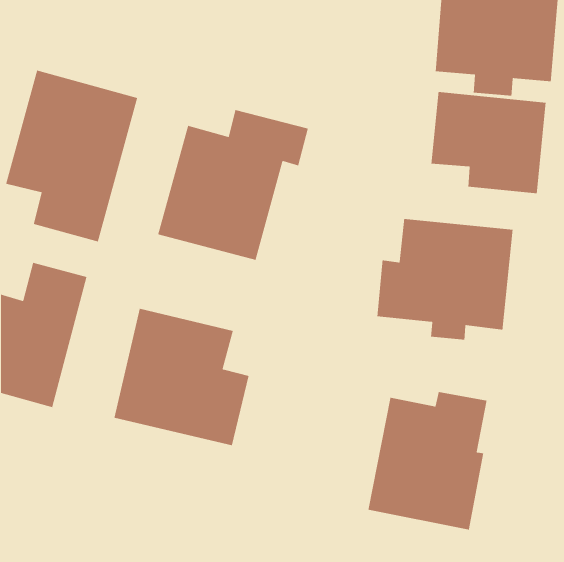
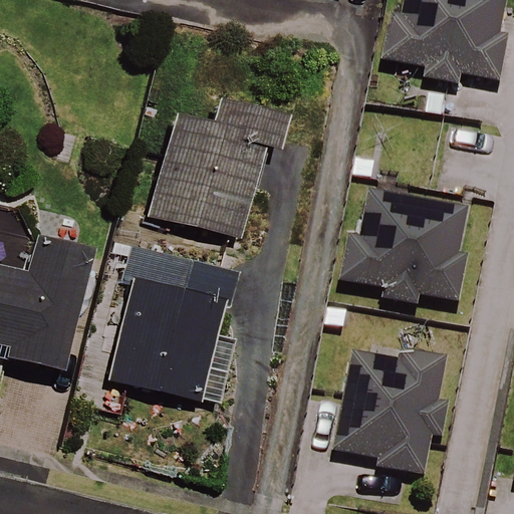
building: [5,69,138,242] -> none
building: [431,91,547,194] -> none

